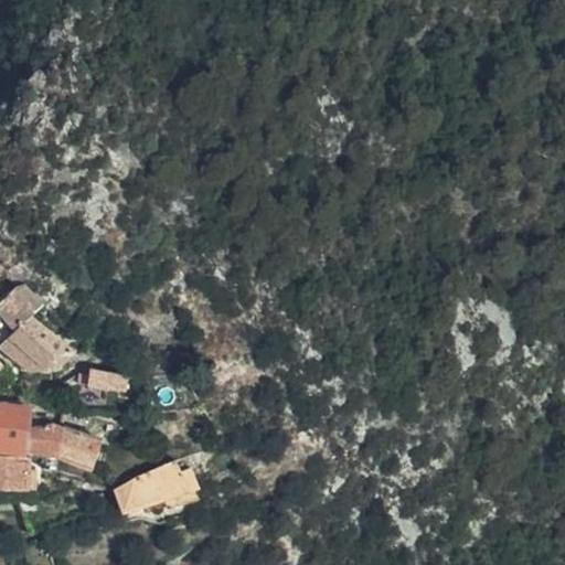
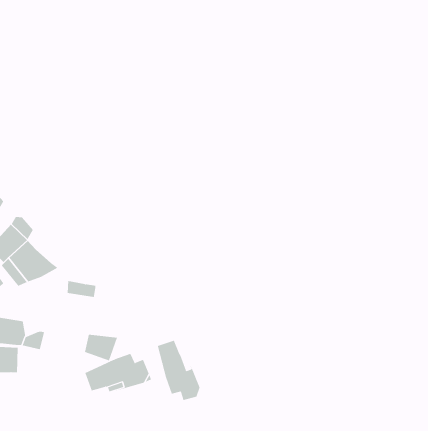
building: [53,435,97,470] -> [84,334,118,361]
building: none -> [157,340,200,401]

